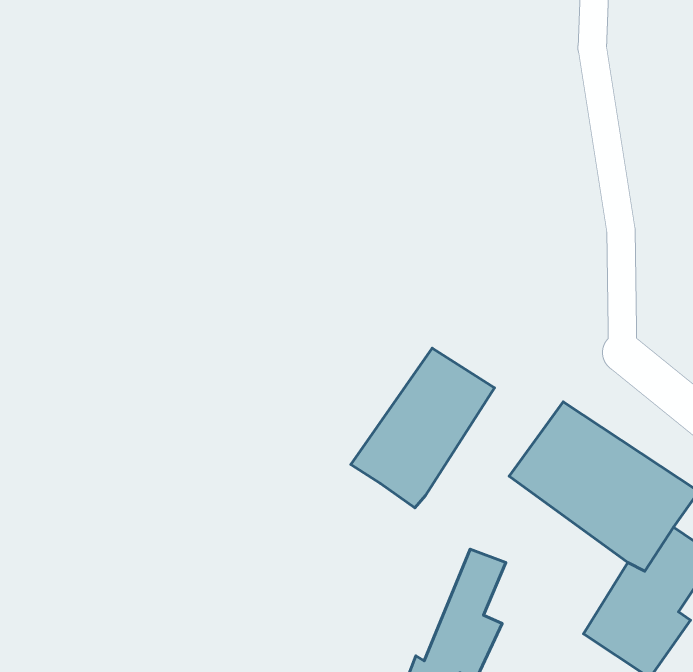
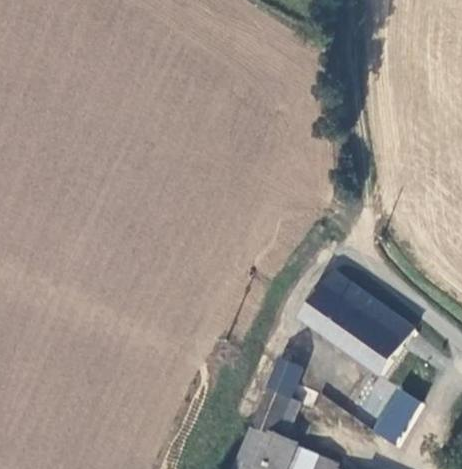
building: [351,348,494,508] -> none

